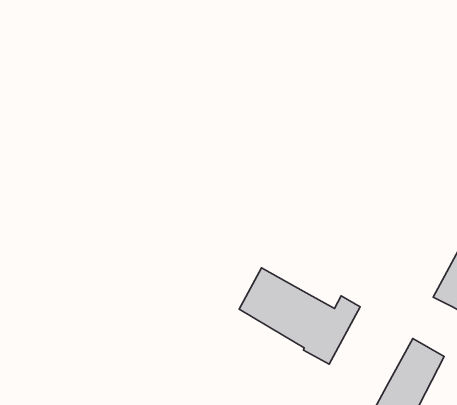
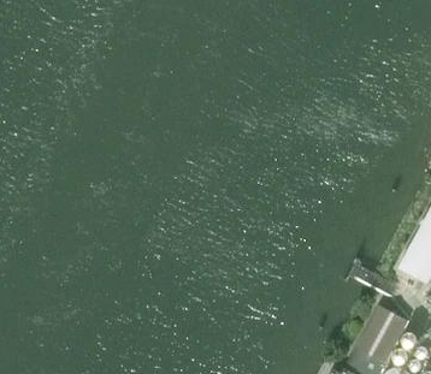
building: [239,268,360,364] -> none

